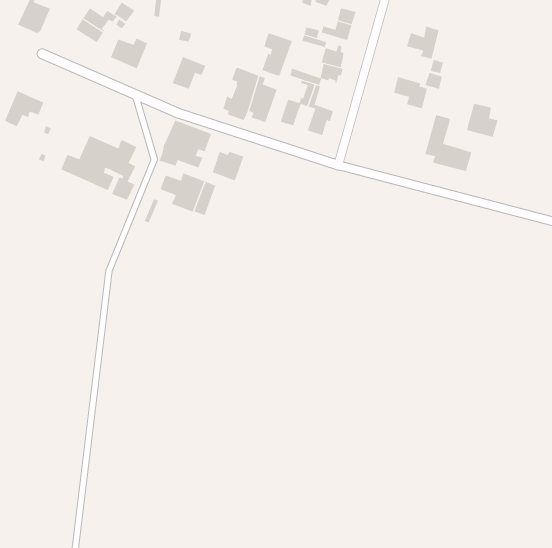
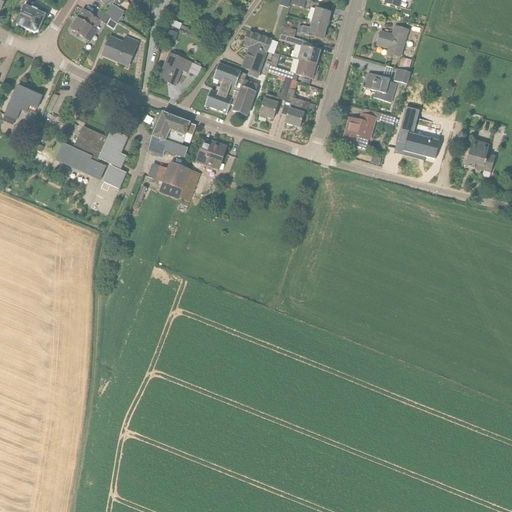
building: [466,103,498,138] -> [465,138,495,170]
building: none -> [342,108,377,147]

